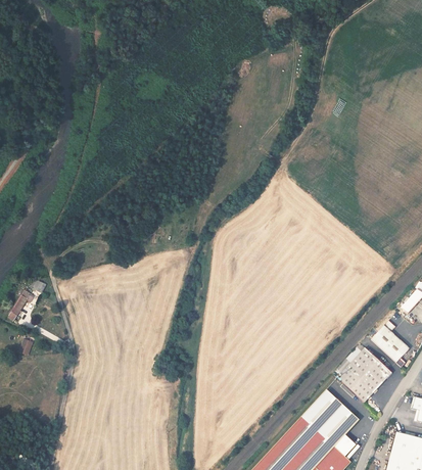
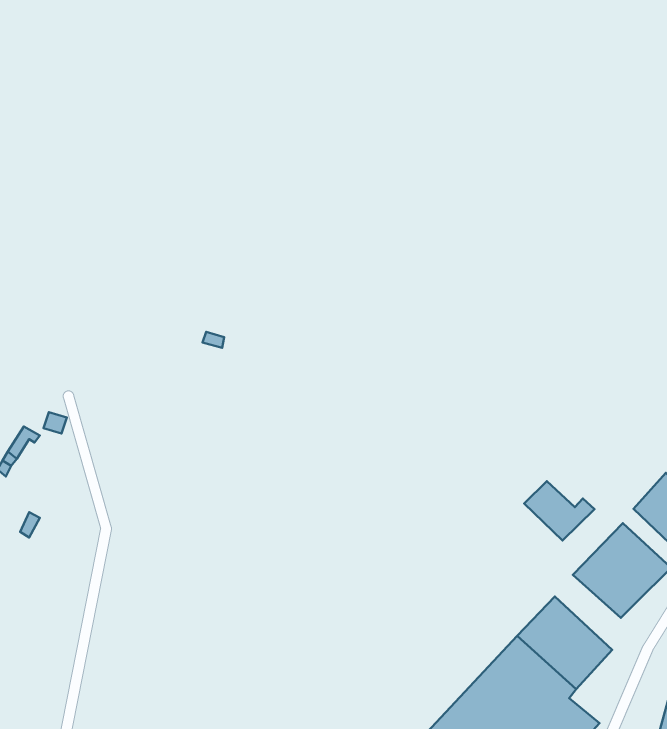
building: none -> [524,481,595,540]

